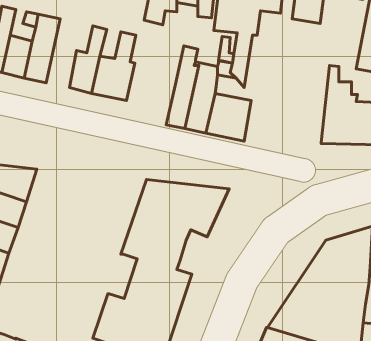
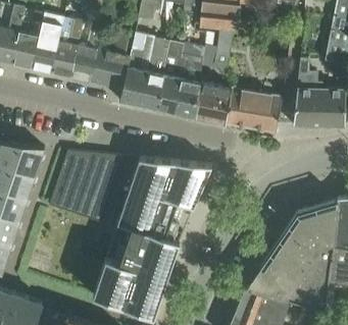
building: none -> [52,17,84,77]
building: none -> [119,33,172,110]
building: none -> [226,89,283,133]
building: none -> [49,151,123,223]

